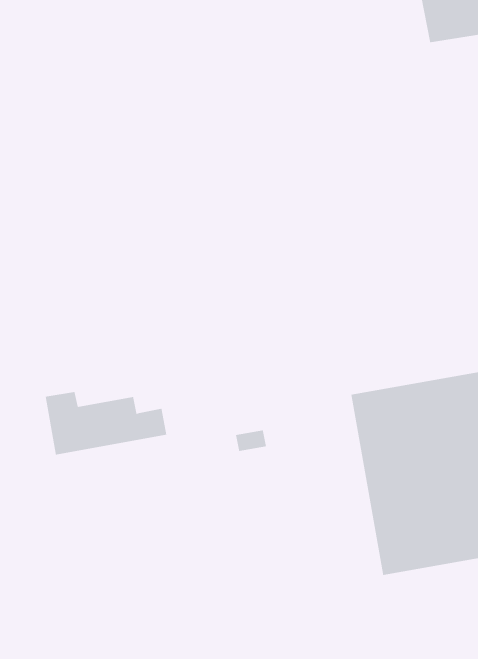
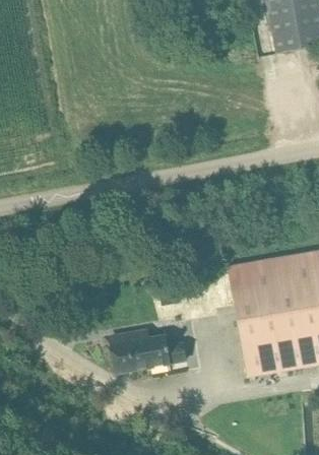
building: [45,391,167,455] -> [111,332,185,371]

